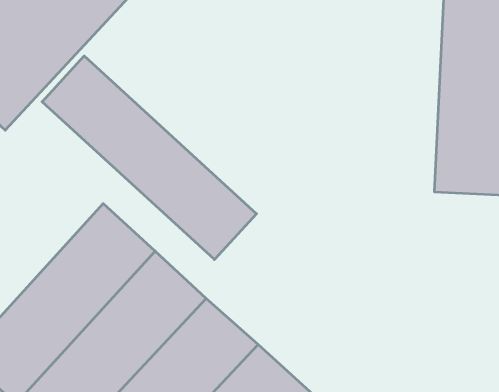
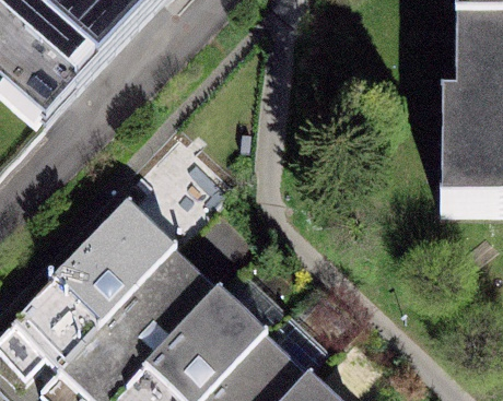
building: [42,56,257,260] -> none

